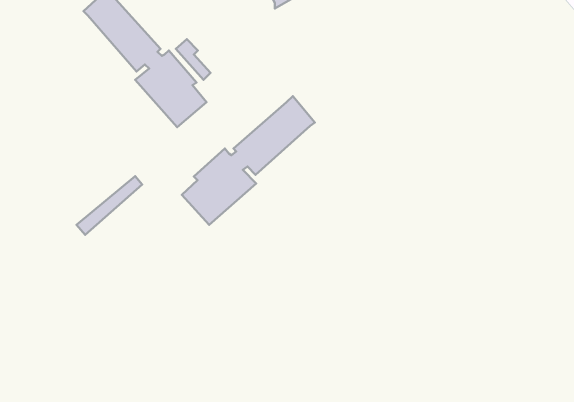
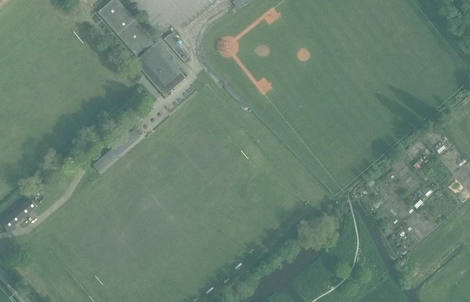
building: [182,96,315,225] -> none

